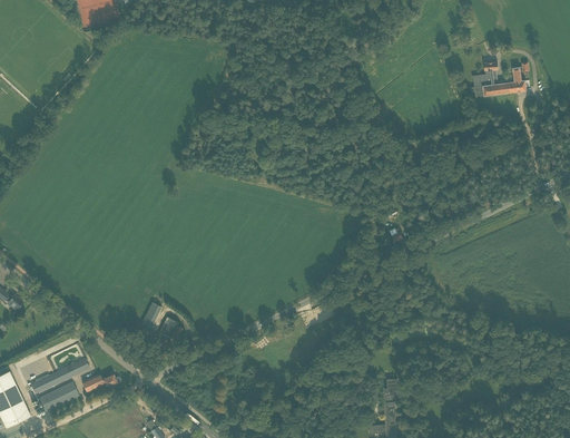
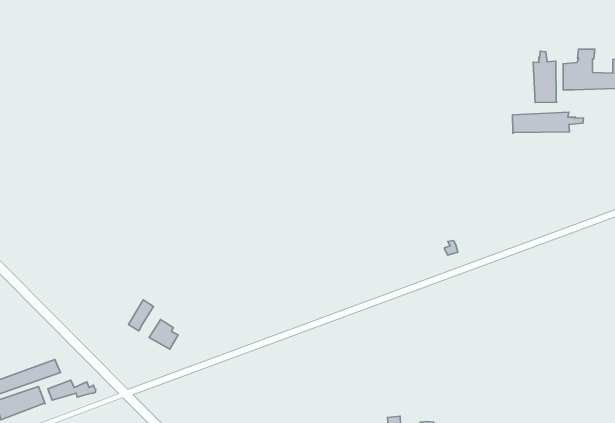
building: none -> [533,51,557,102]
building: none -> [513,112,583,133]

